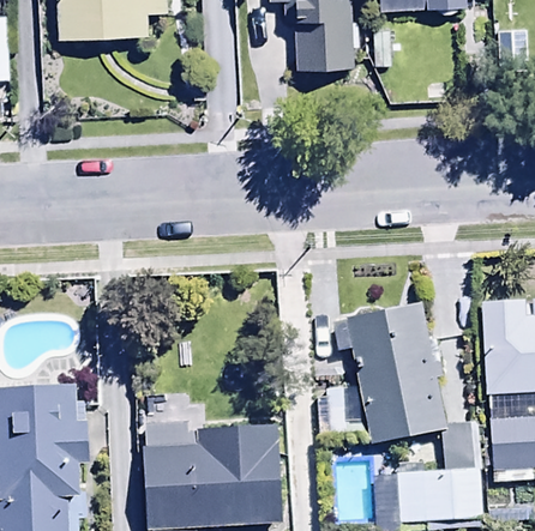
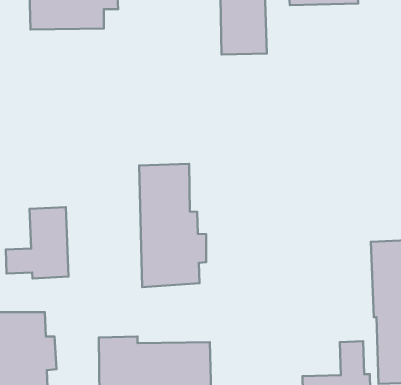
building: none -> [139,164,206,287]
building: none -> [6,207,69,278]
building: [348,302,444,441] -> none

